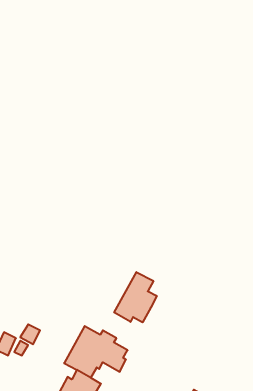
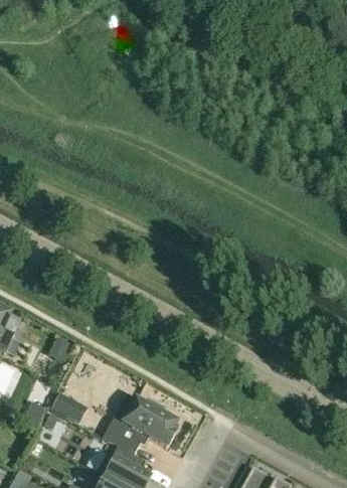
building: [114,272,157,322] -> none

